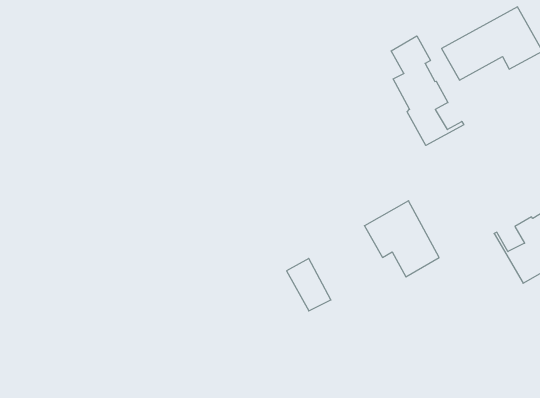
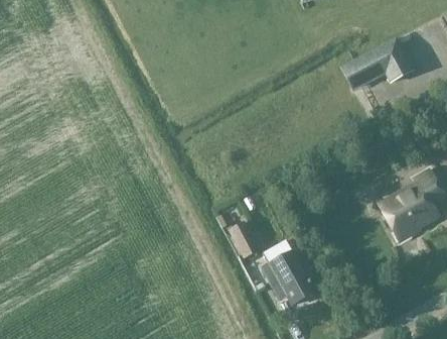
building: [391,36,464,145] -> none
building: [364,201,439,277] -> [262,249,316,305]

